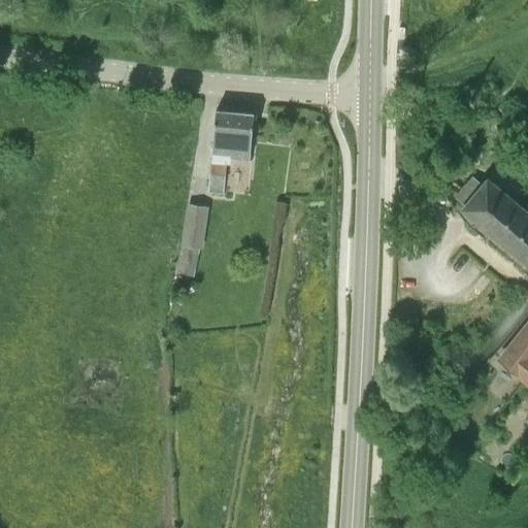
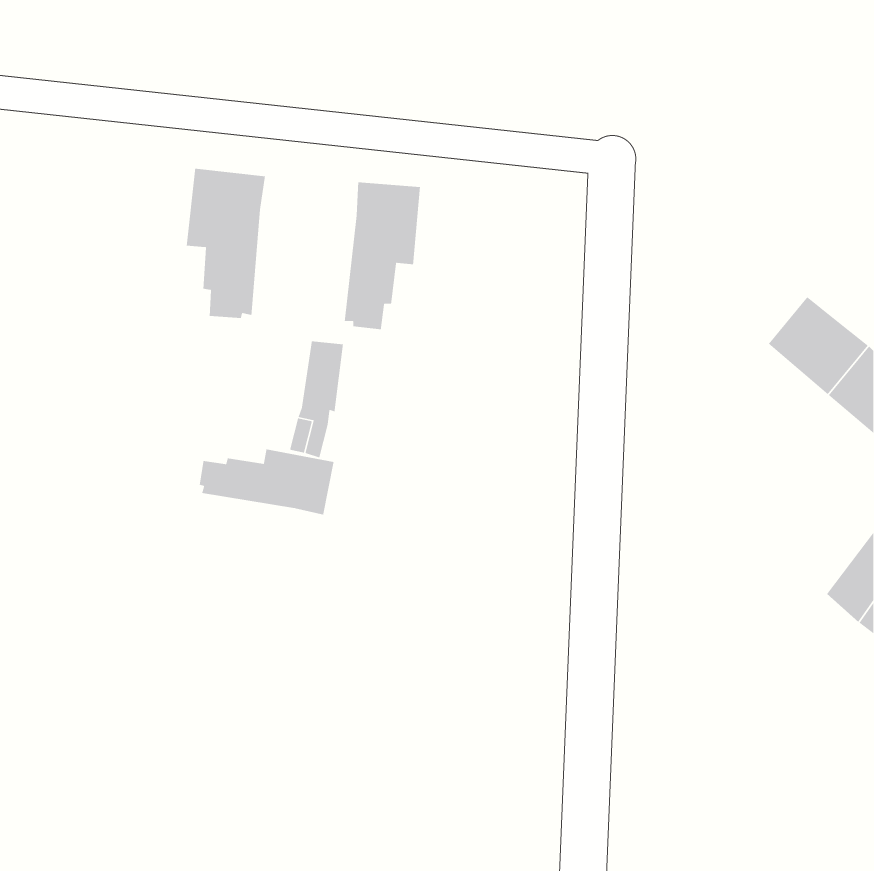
building: none -> [186,168,266,319]
building: none -> [199,448,334,515]

